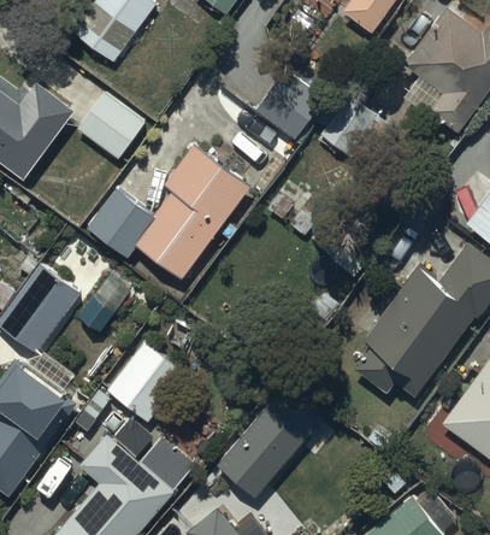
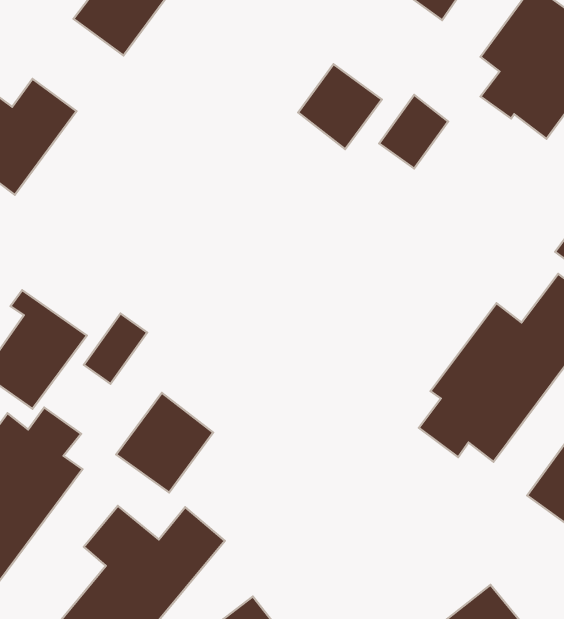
building: [77,90,147,159] -> none
building: [88,145,250,278] -> none
building: [217,388,332,499] -> none

